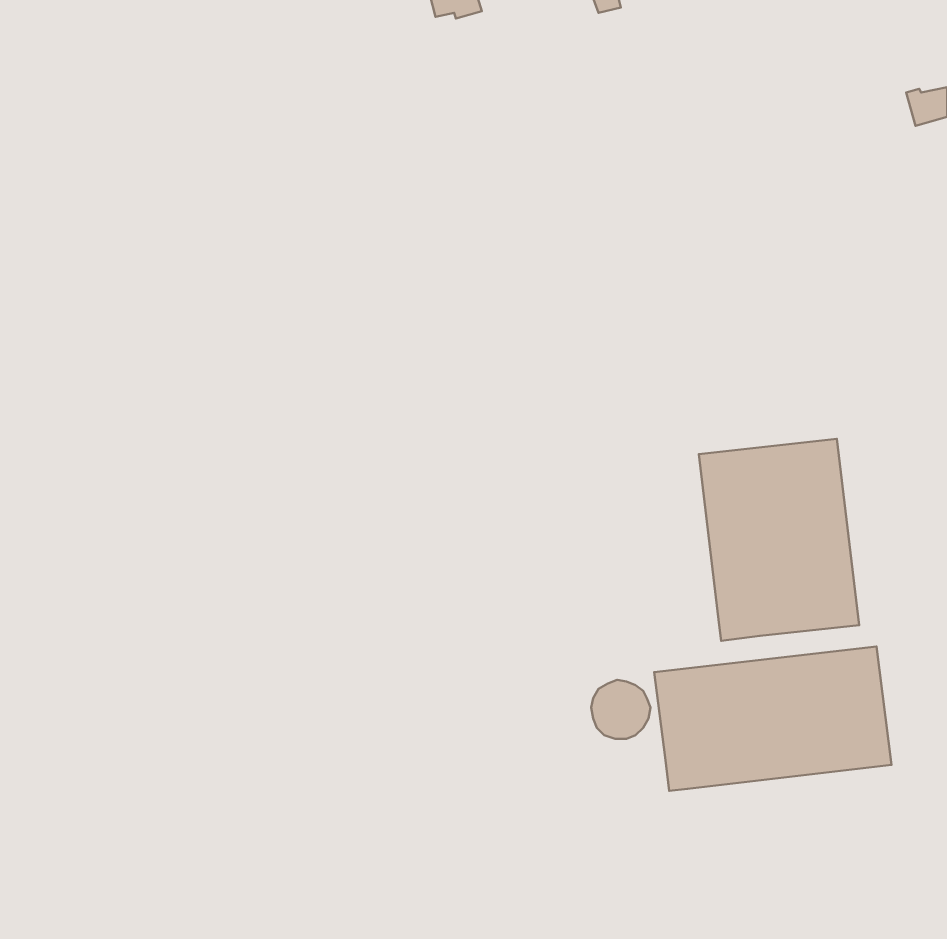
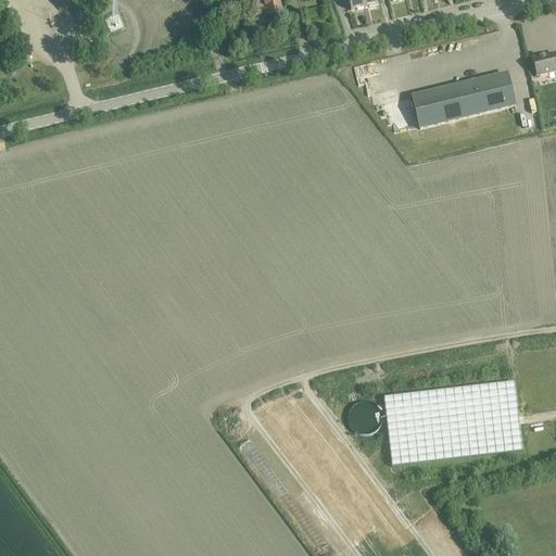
building: none -> [412,72,515,126]
building: [699,439,859,641] -> none

